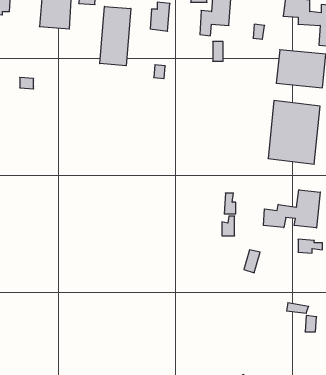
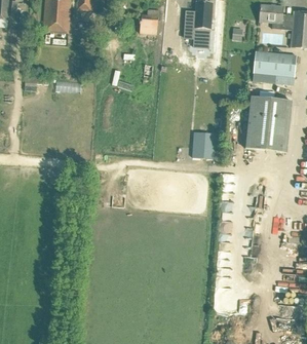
building: [100,6,131,66] -> none
building: none -> [192,131,216,158]
building: [263,190,320,228] -> none

